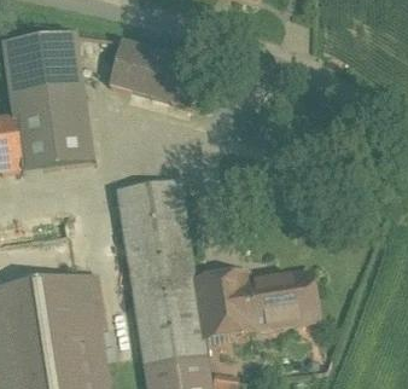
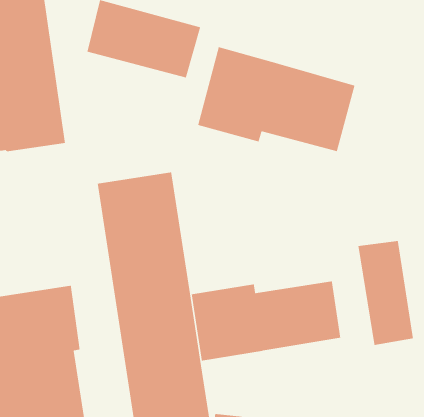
building: none -> [197,46,355,152]
building: none -> [357,240,414,346]

